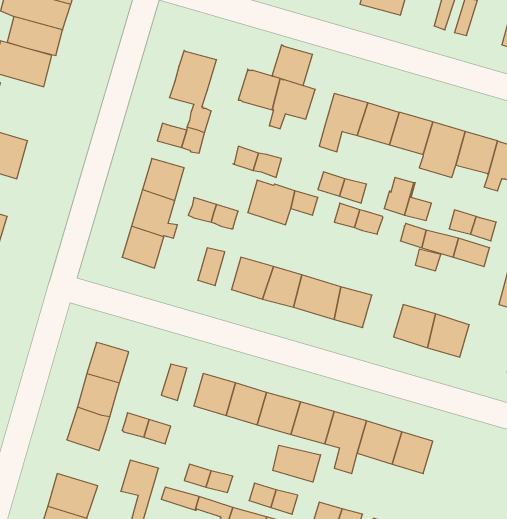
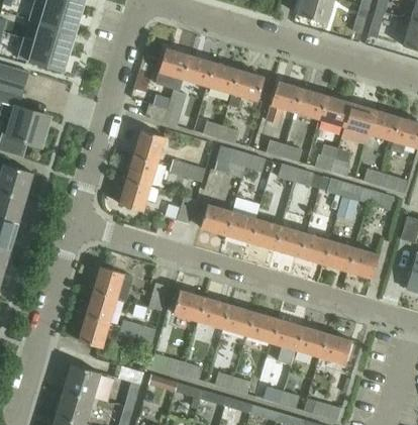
building: [272,45,313,86] -> [183,56,213,86]
building: none -> [299,231,329,262]
building: [273,445,321,482] -> none

